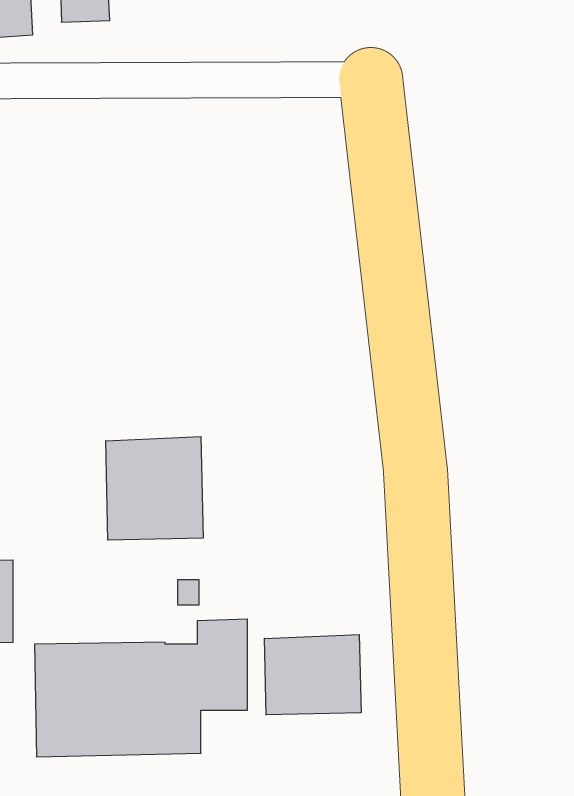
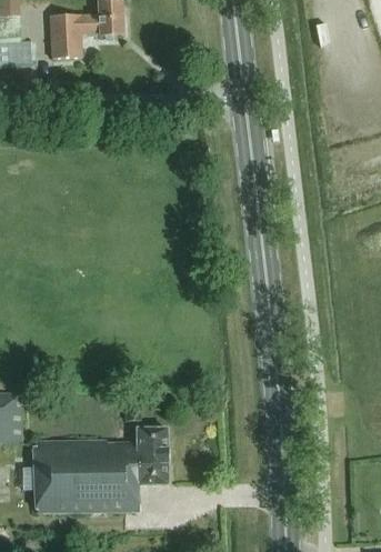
building: [106,437,203,540] -> none
building: [264,635,361,715] -> none

